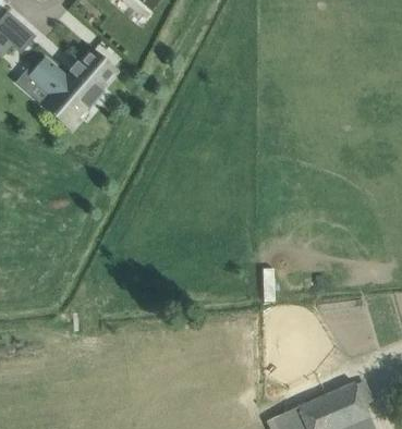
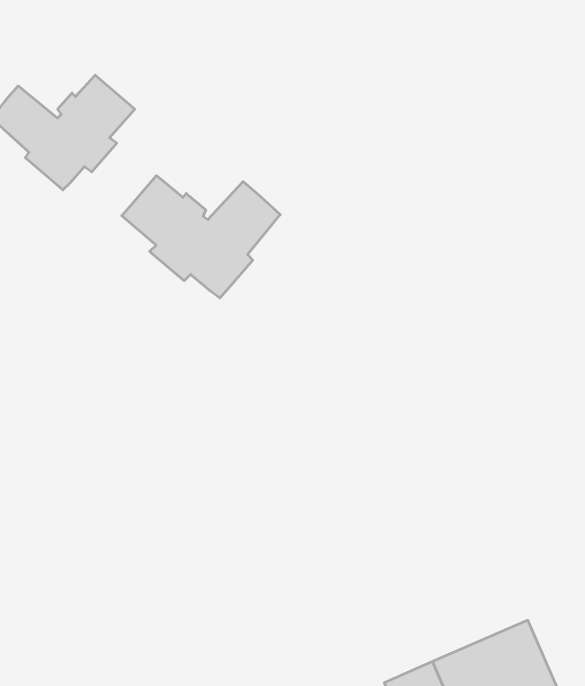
building: none -> [122,176,280,298]

